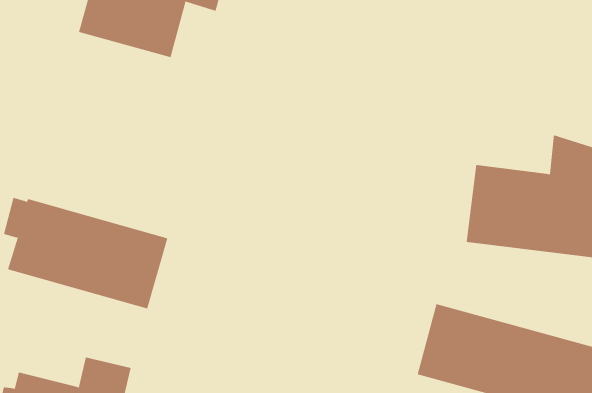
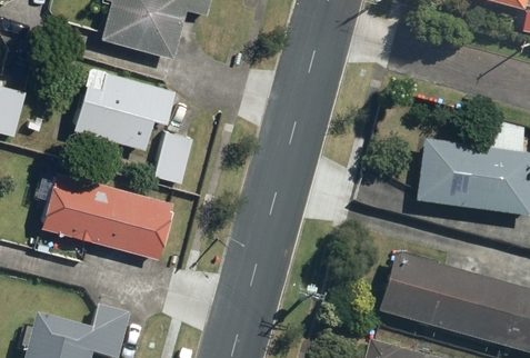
building: none -> [68,64,193,187]

